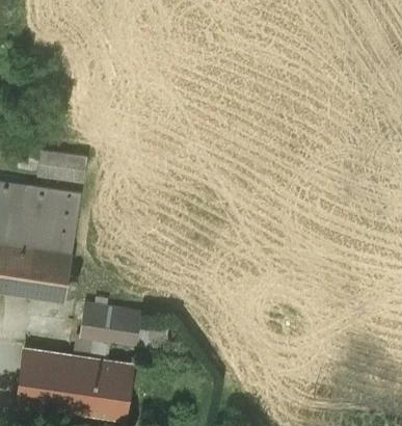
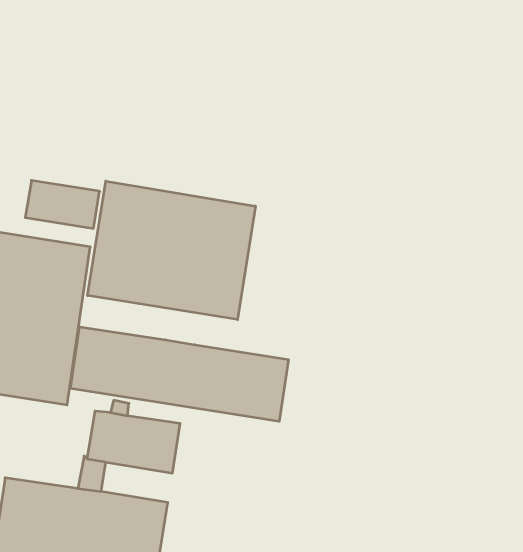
building: none -> [88,181,255,320]
building: none -> [70,327,288,421]

